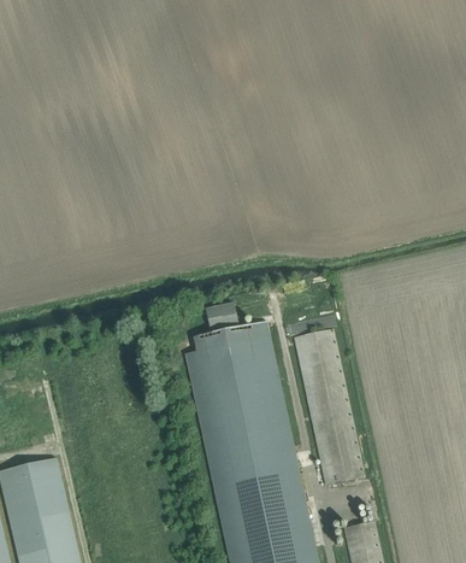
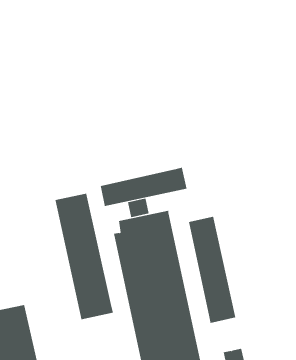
building: none -> [100,167,187,207]
building: none -> [55,193,114,320]

